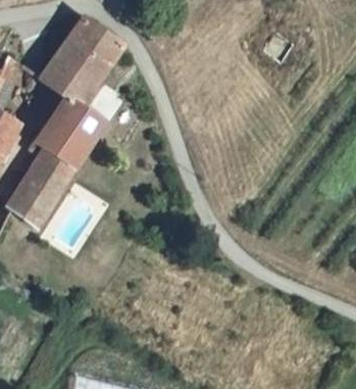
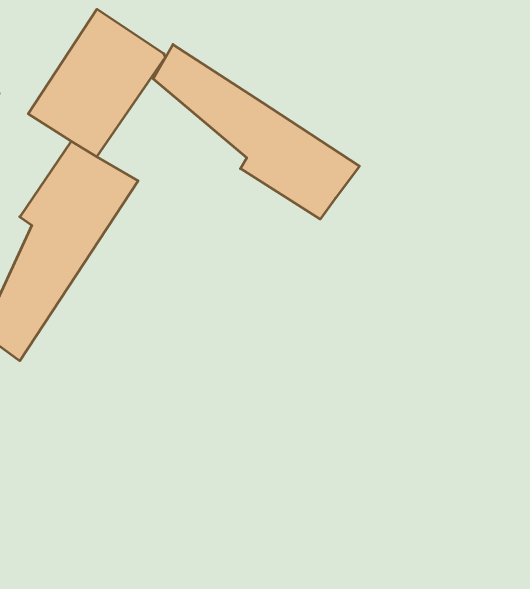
building: none -> [153,44,359,219]

